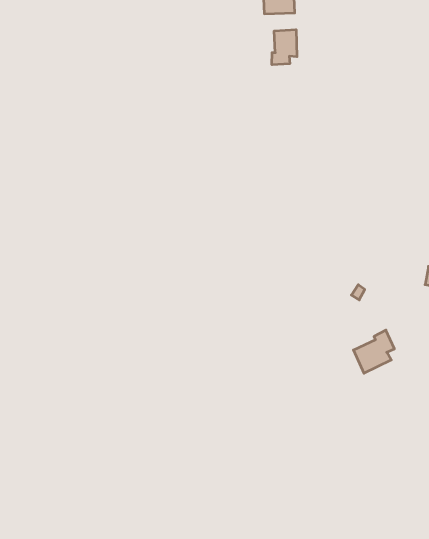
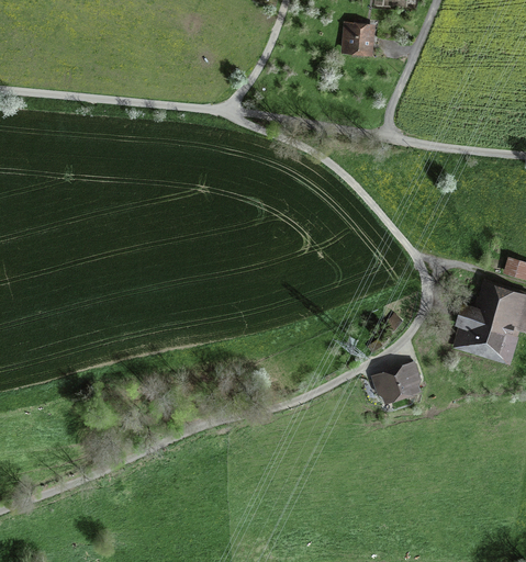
building: [272,30,297,65] -> none

